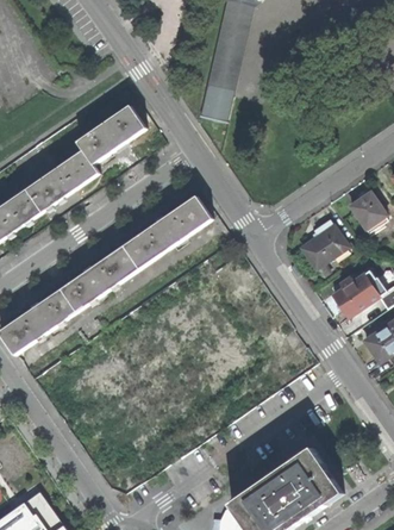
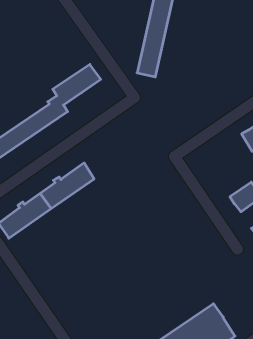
building: [124,194,212,268] -> none
building: [300,218,348,273] -> none

